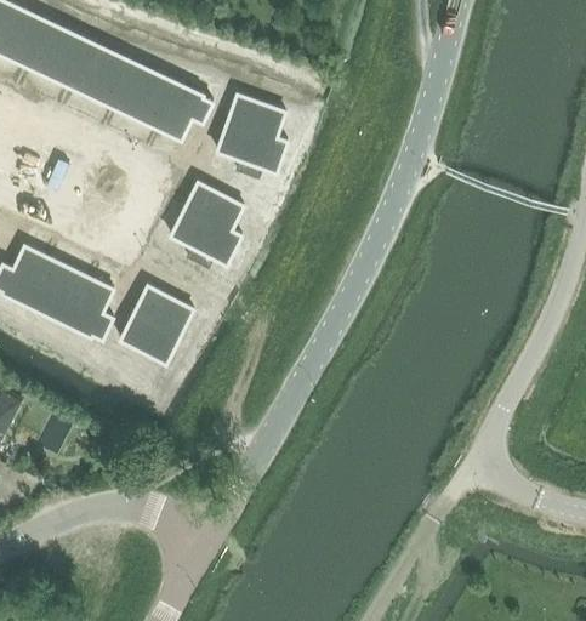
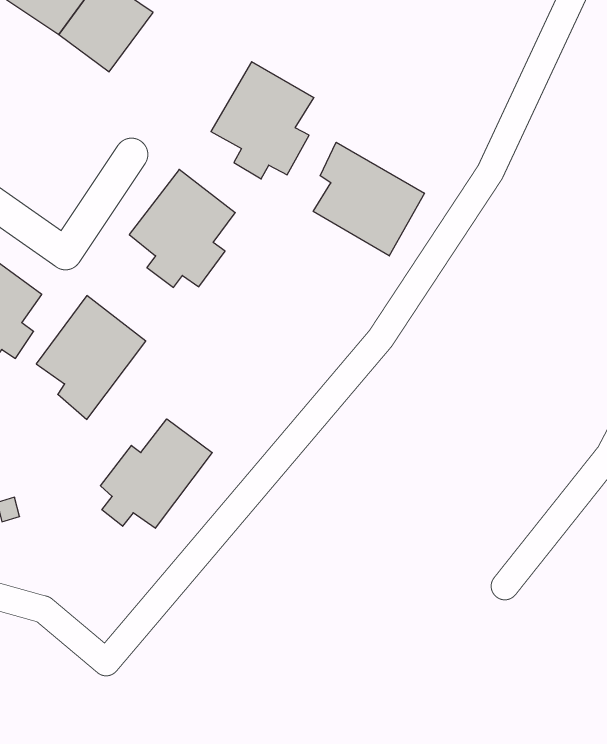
building: [133,70,205,141] -> none
building: none -> [313,142,424,256]
building: none -> [100,419,212,528]

